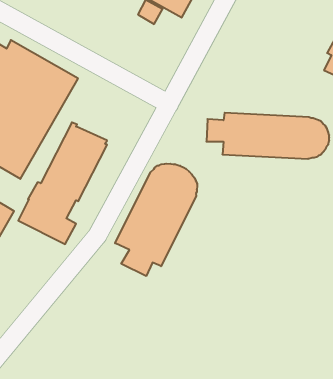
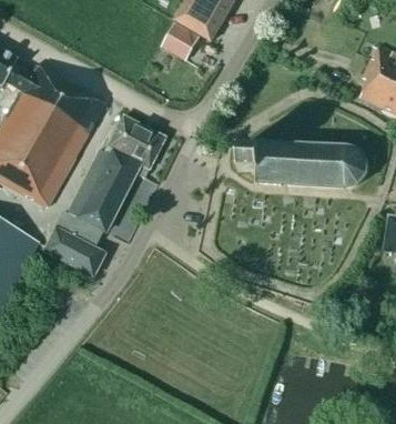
building: none -> [102,115,164,178]
building: [115,164,197,276] -> none

